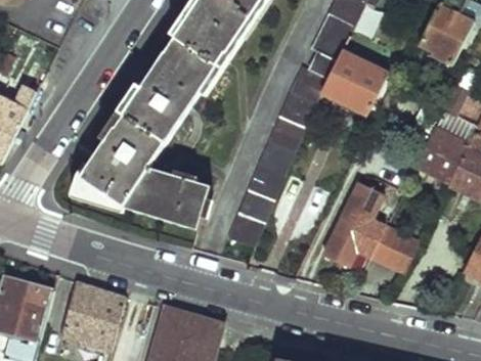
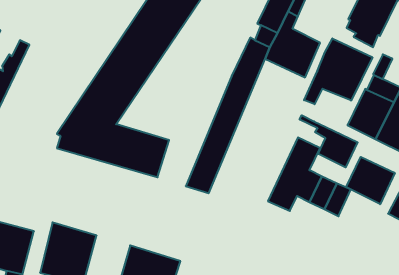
building: none -> [304,38,372,104]
building: none -> [300,115,358,167]
building: none -> [346,157,395,204]

